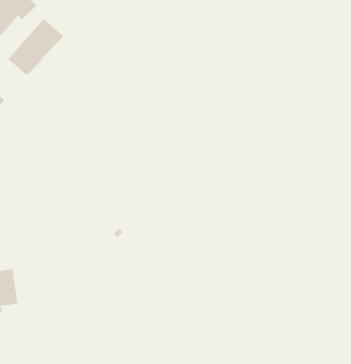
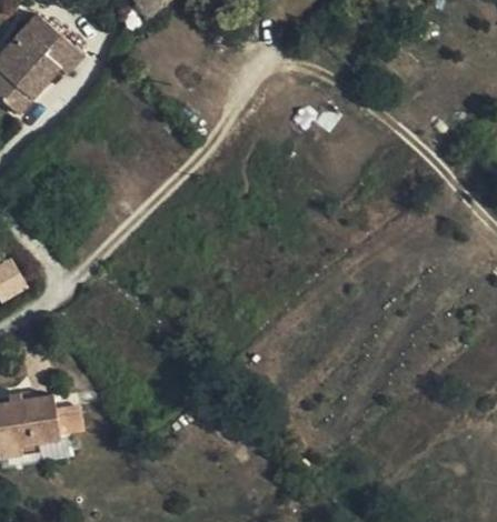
building: [8,18,64,76] -> none

